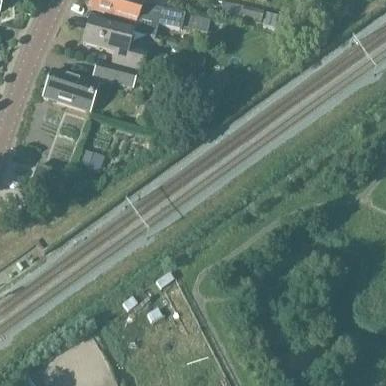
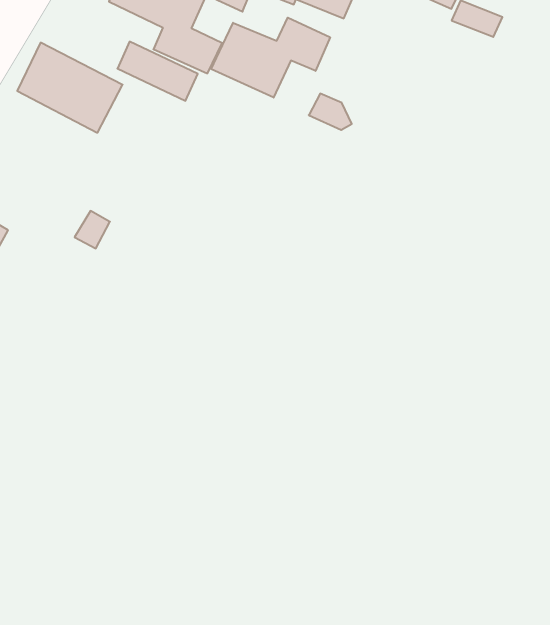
building: none -> [211,18,330,98]

